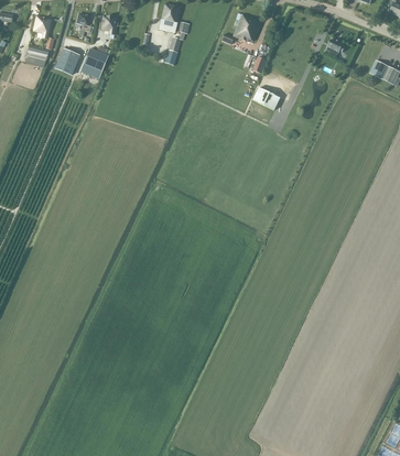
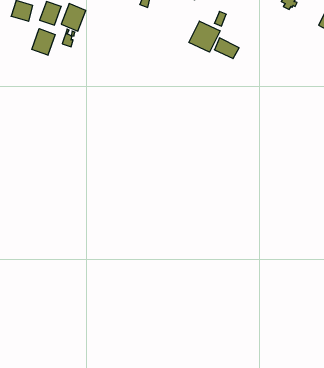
building: none -> [189,21,220,52]
building: none -> [32,29,55,55]

